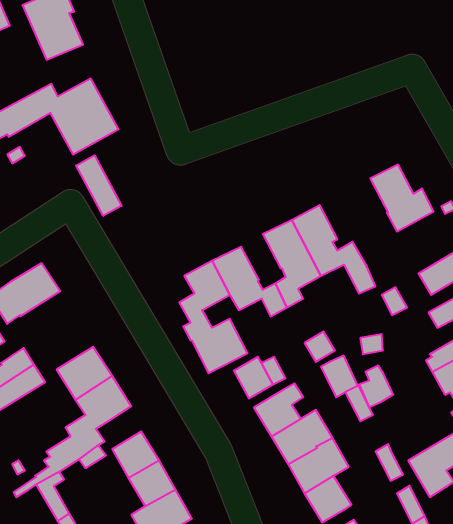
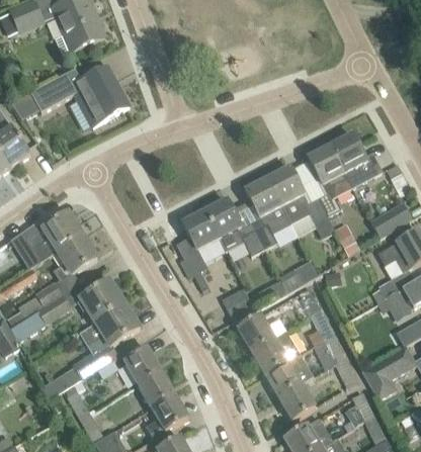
building: [76,155,122,216] -> none
building: none -> [307,145,351,214]
building: none -> [50,235,96,279]
building: [359,366,393,407] -> [317,334,344,367]

